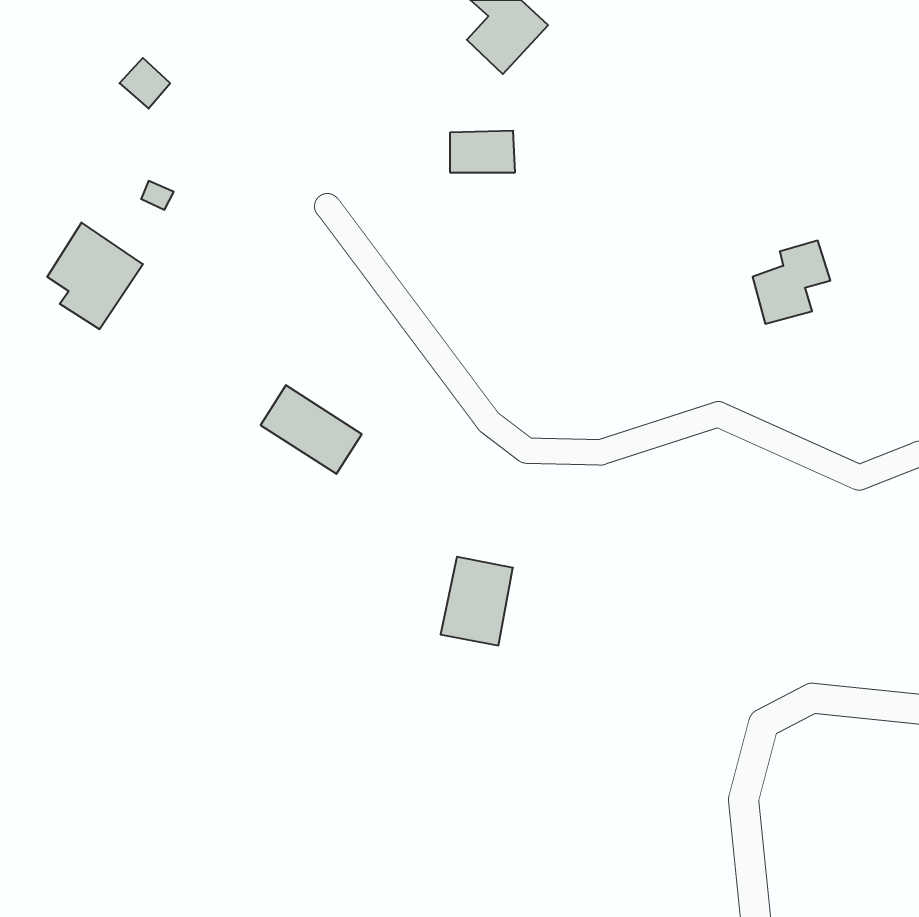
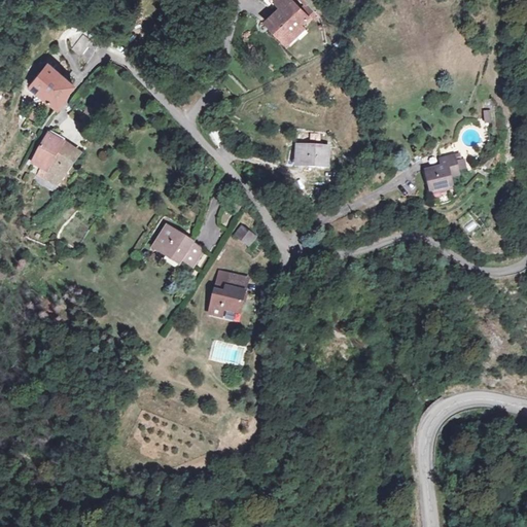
building: none -> [28,59,76,106]
building: [450,131,515,172] -> [293,142,330,166]
building: [441,557,513,645] -> [207,268,248,318]

